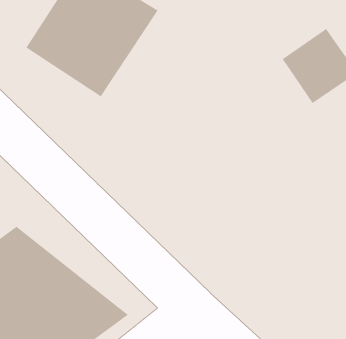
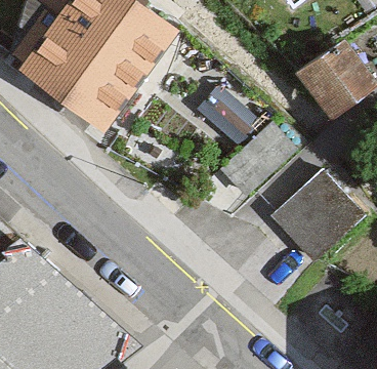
building: none -> [271,172,361,261]

